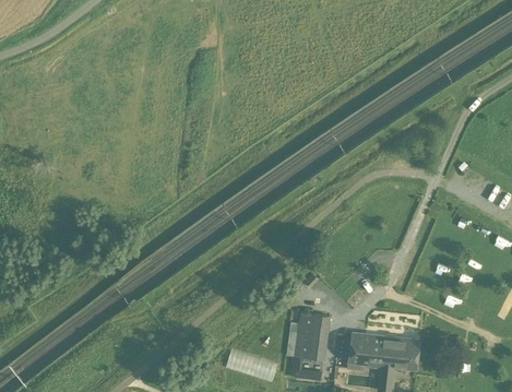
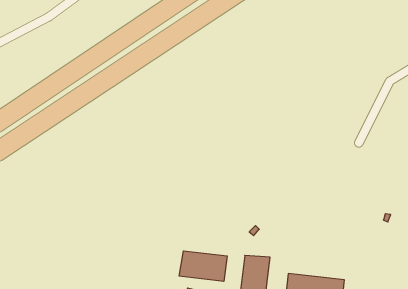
building: none -> [179,251,227,281]

